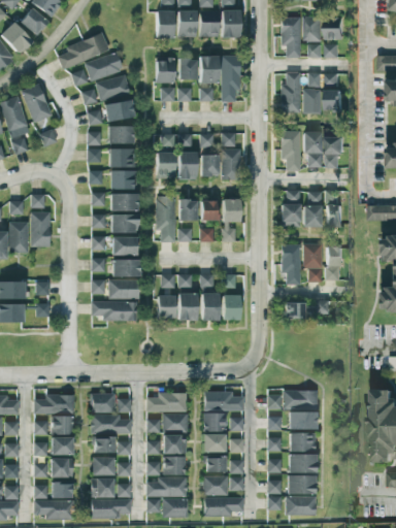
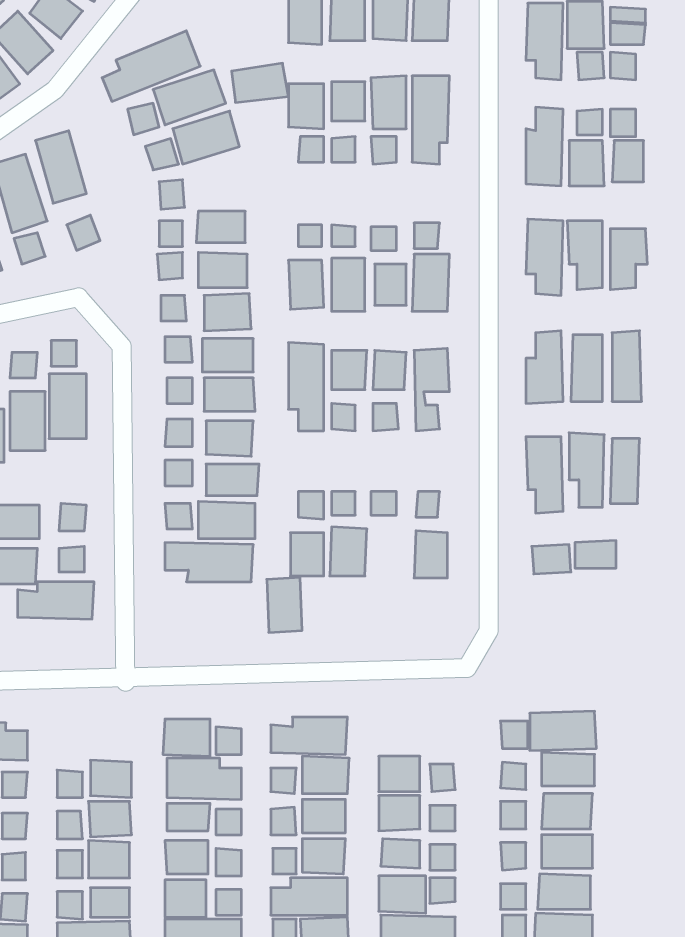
building: [105,100,135,121] -> [232,63,288,102]
building: [201,293,220,322] -> [267,578,302,632]
building: [204,392,244,411] -> none
building: [35,395,75,415] -> [18,582,94,619]

